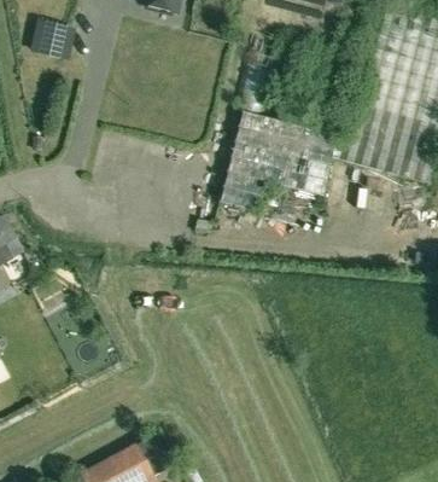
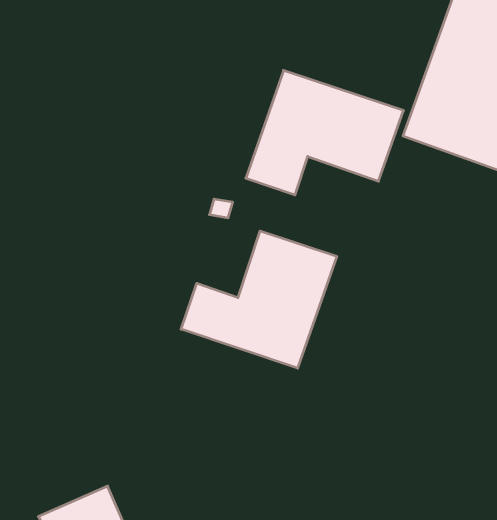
building: none -> [181,231,337,368]

